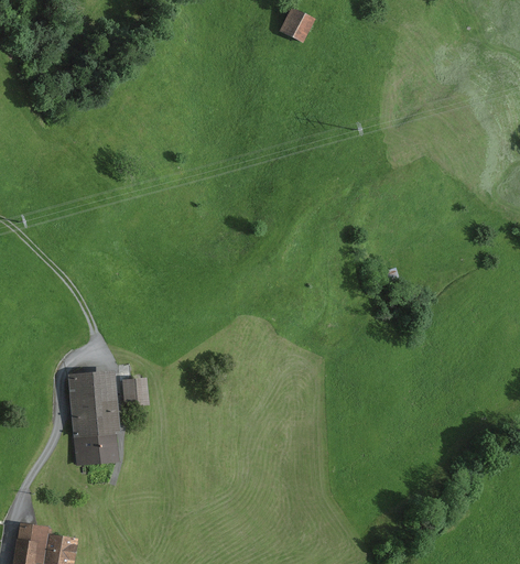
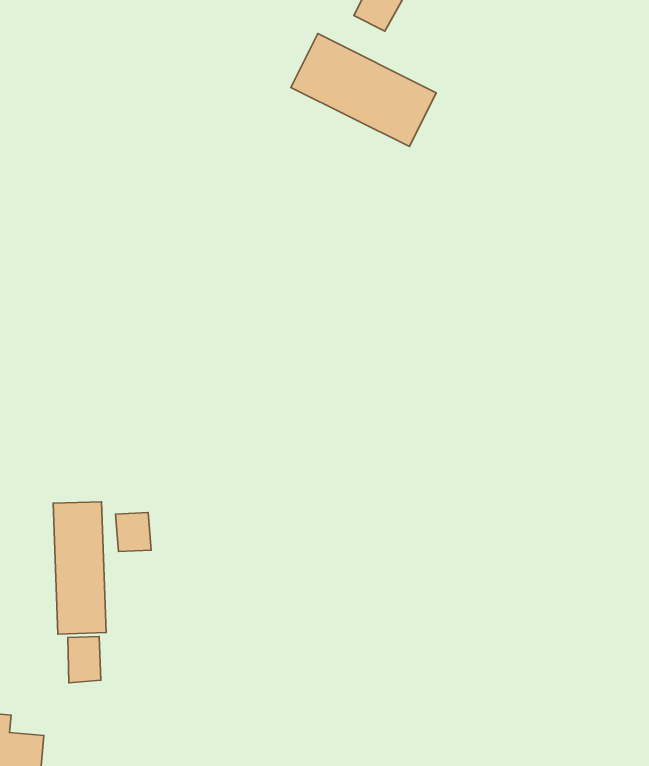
building: none -> [291,33,436,147]
building: none -> [68,636,101,683]

